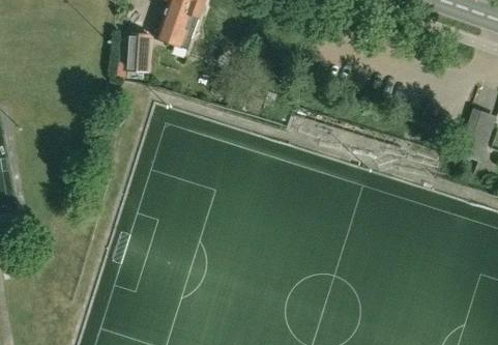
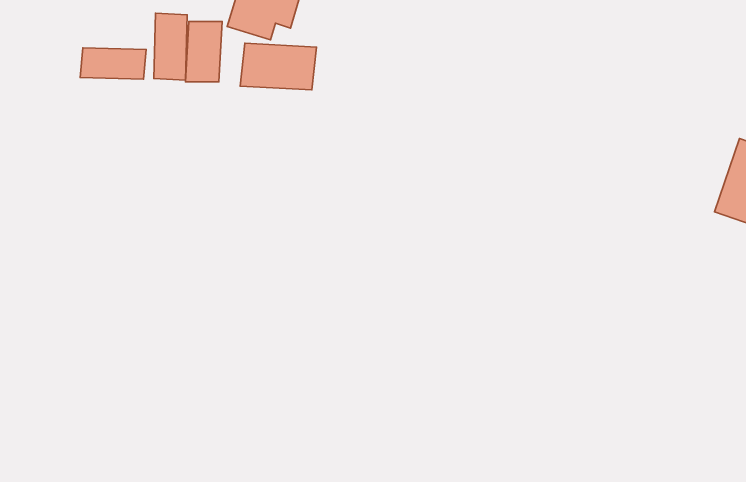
building: none -> [240,43,316,90]
building: none -> [80,48,146,79]

